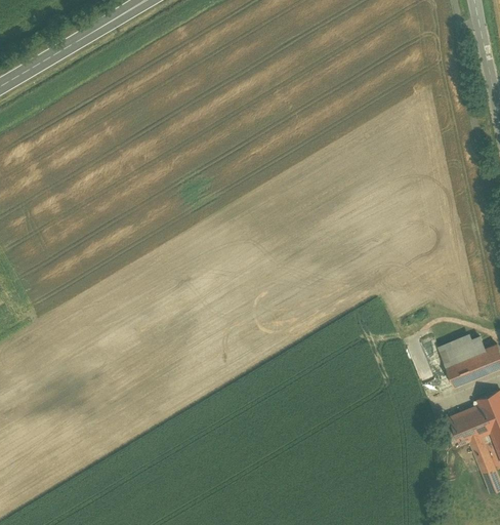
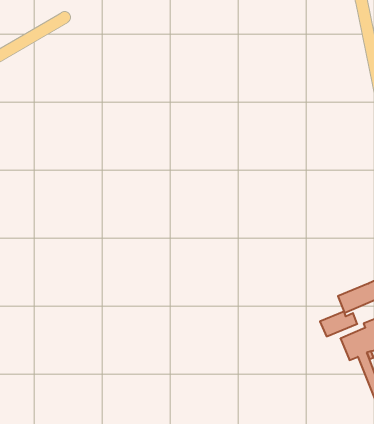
building: [439,334,485,365] -> [320,311,357,336]

